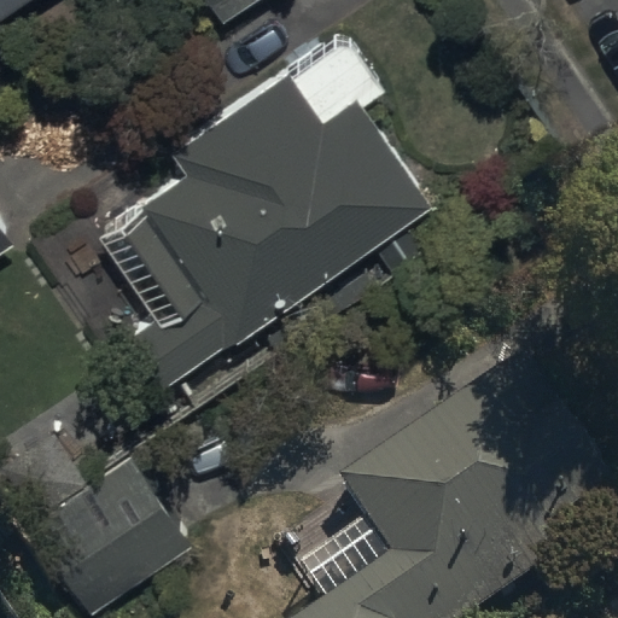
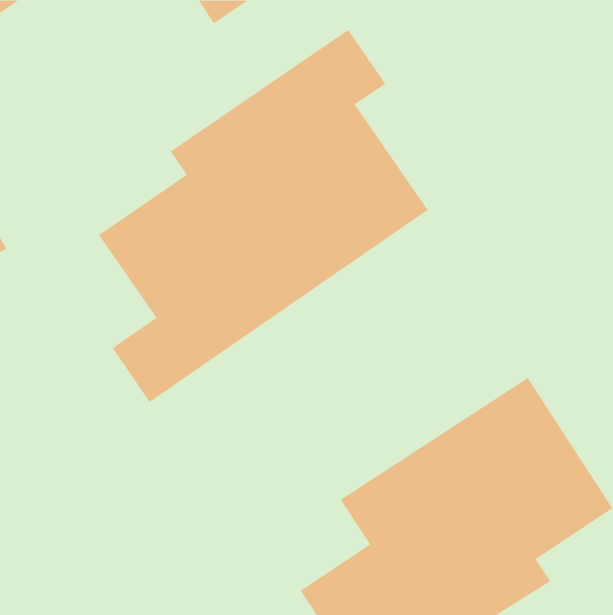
building: [53,456,186,596] -> none

